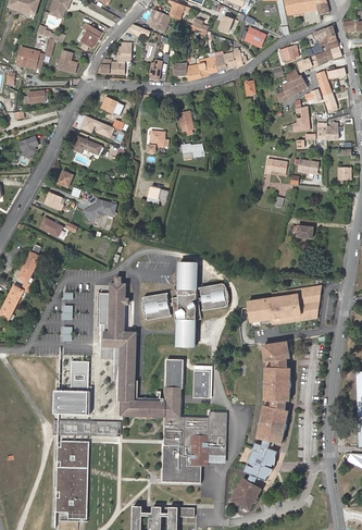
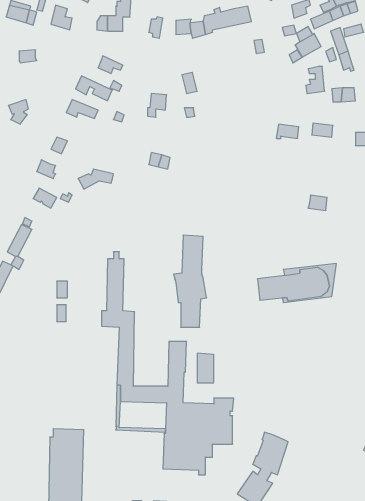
building: [200,283,229,310] -> none
building: [141,293,170,320] -> none
building: [257,342,290,449] -> none
building: [58,361,91,417] -> none

